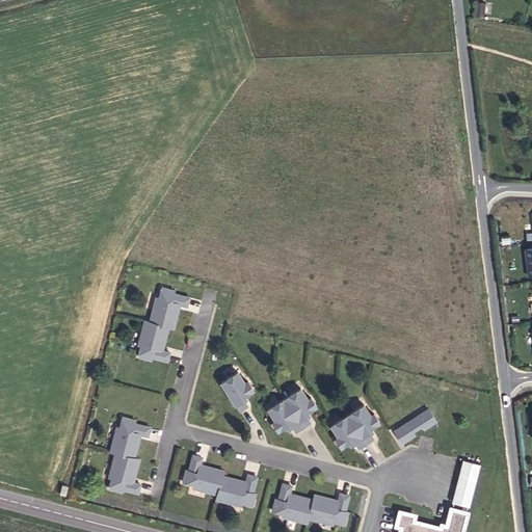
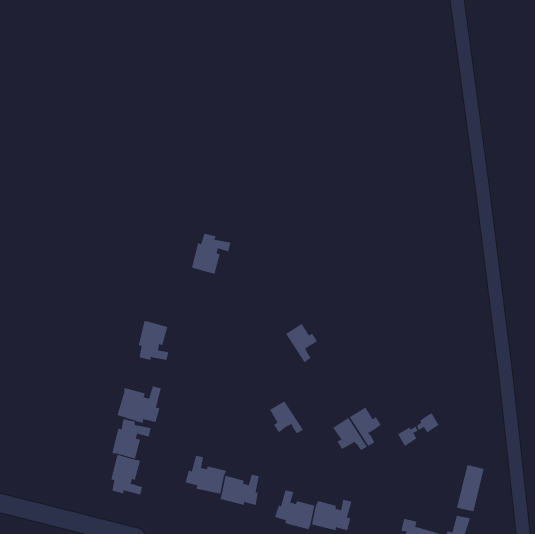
building: [148,287,187,327] -> [191,233,231,274]
building: [219,371,251,410] -> none
building: none -> [116,385,161,424]
building: [282,389,314,428] -> [285,323,318,363]

